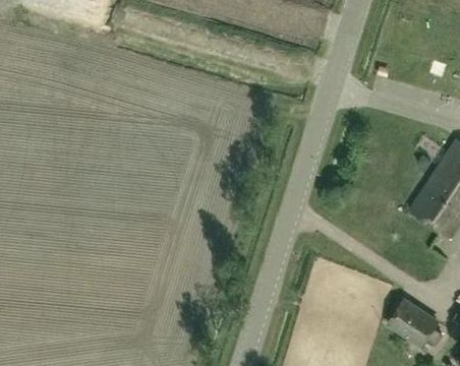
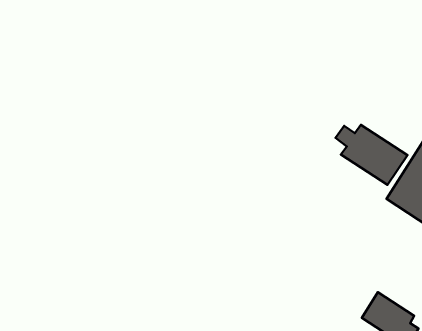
building: none -> [336,125,408,185]

